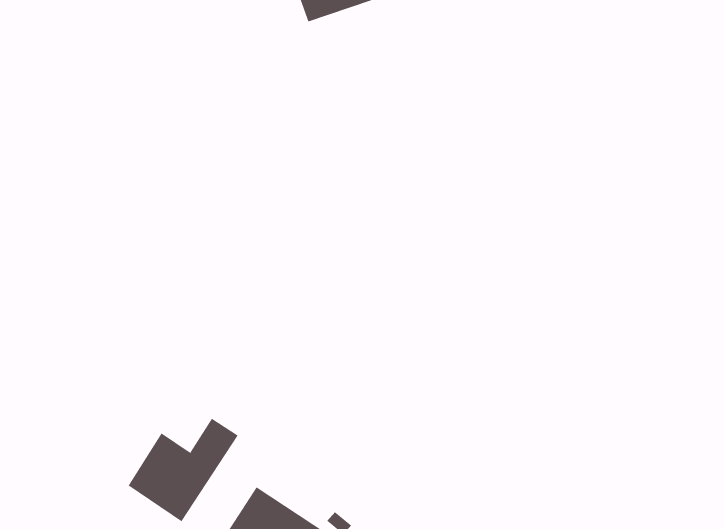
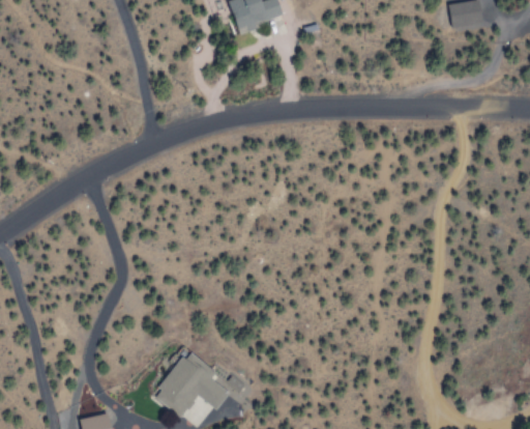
building: [128,418,239,522] -> none

